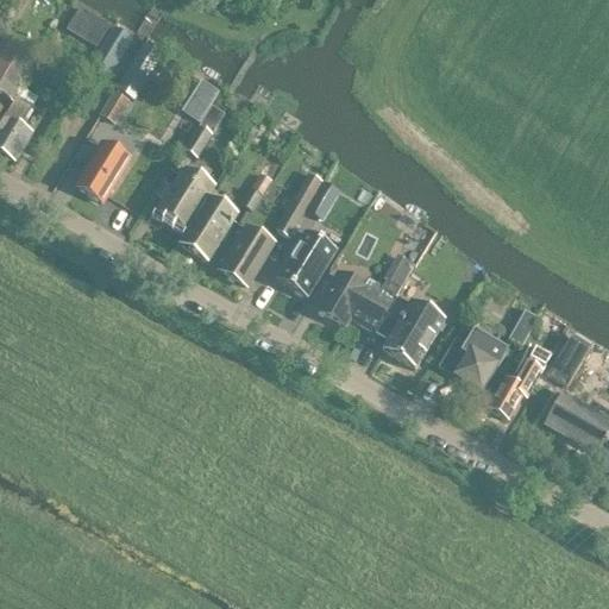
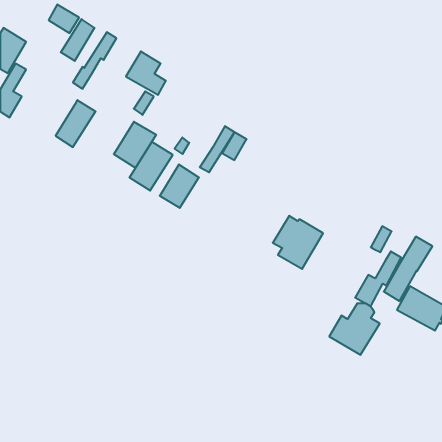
building: [277,230,338,297] -> none
building: [320,255,415,332] -> none
building: [440,322,509,393] -> [329,303,380,355]

